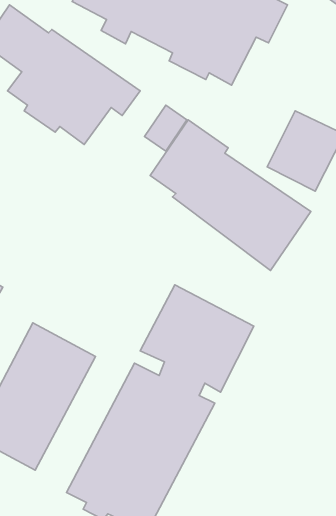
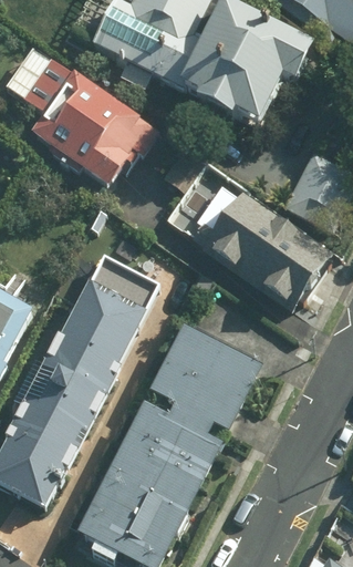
building: none -> [51,247,172,393]

